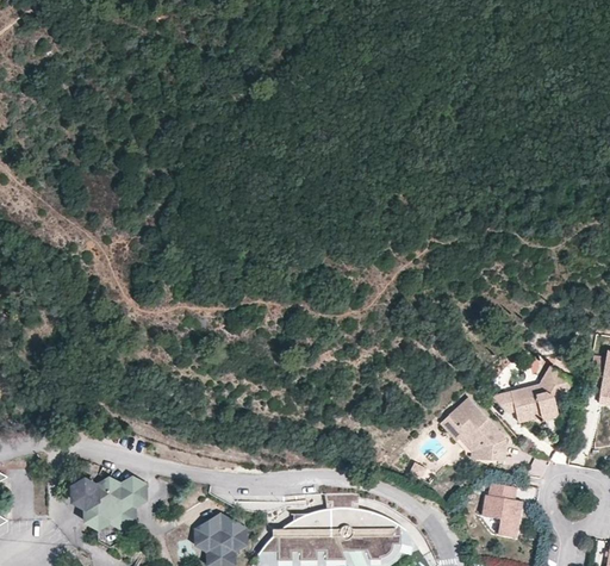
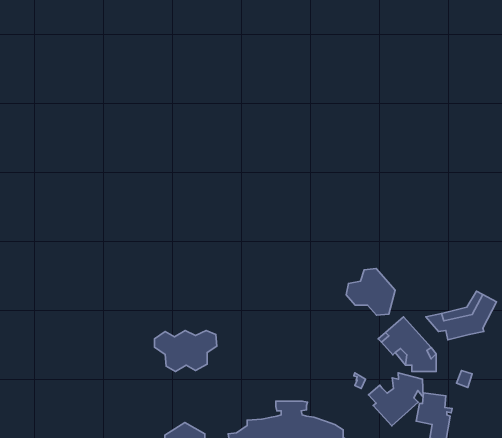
building: none -> [346,269,395,315]
building: none -> [368,373,423,426]
building: [75,479,145,525] -> [154,330,217,372]

